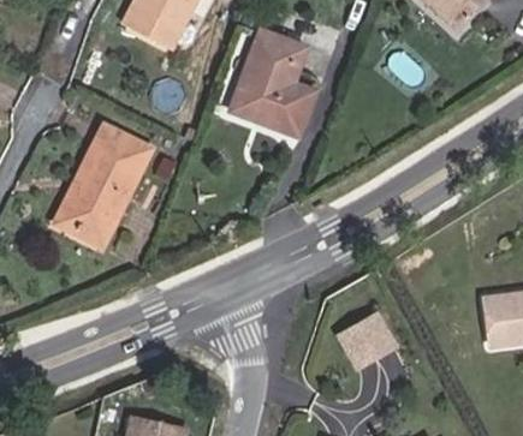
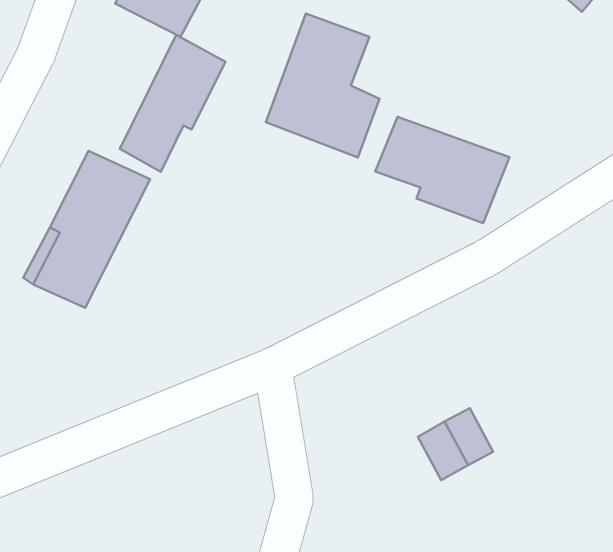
building: none -> [120,35,226,172]
building: none -> [375,117,509,223]

